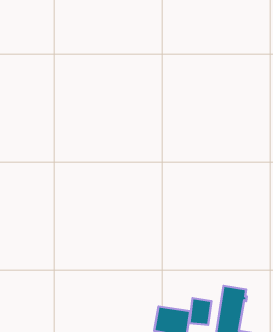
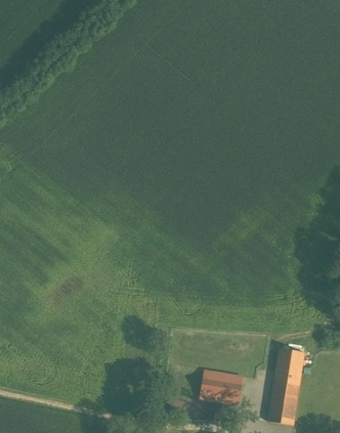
building: [190,298,212,325] -> none

